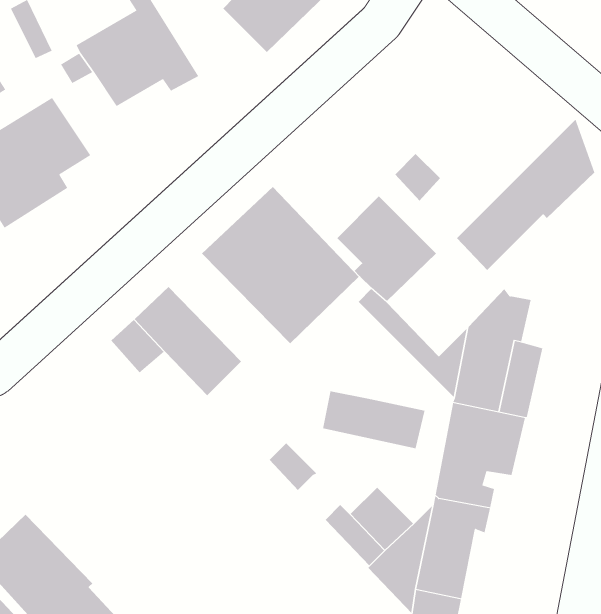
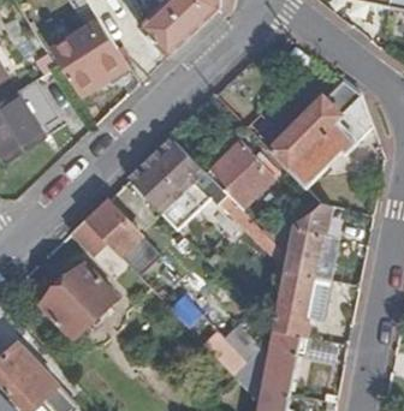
building: none -> [268,79,361,168]
building: none -> [41,262,115,336]
building: [322,391,425,449] -> none

